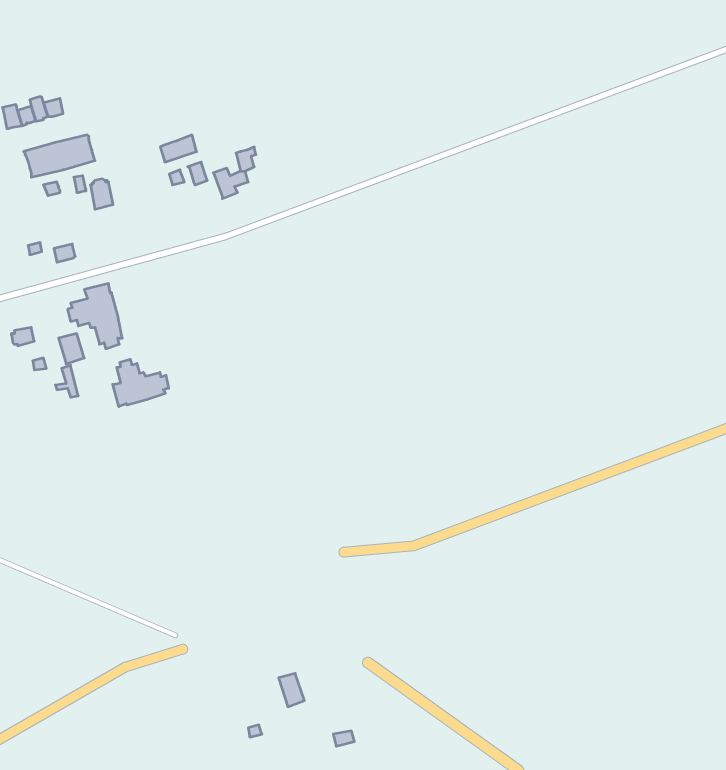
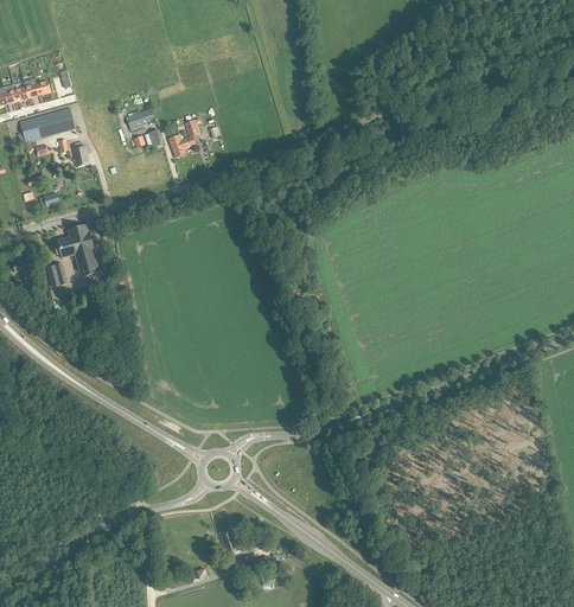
building: [113,359,169,407] -> none

